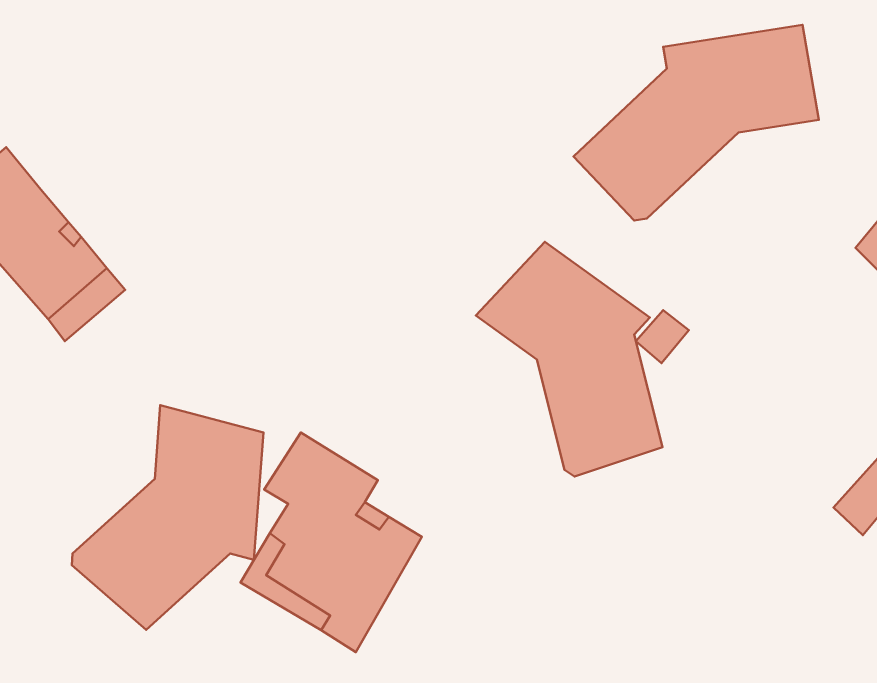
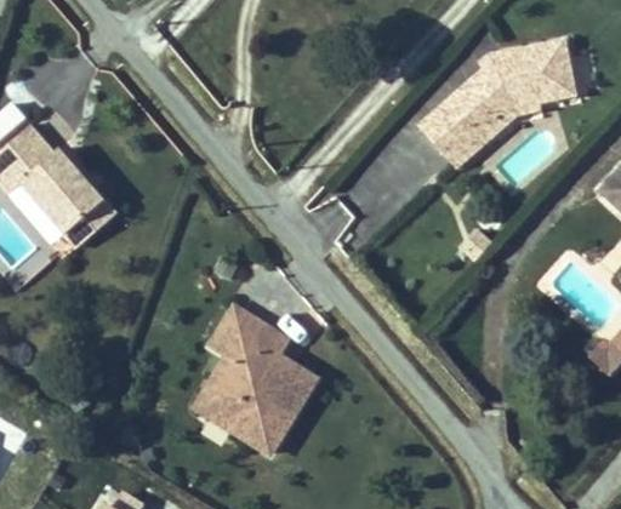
building: [476,242,663,477] -> none
building: [72,405,263,630] -> none

